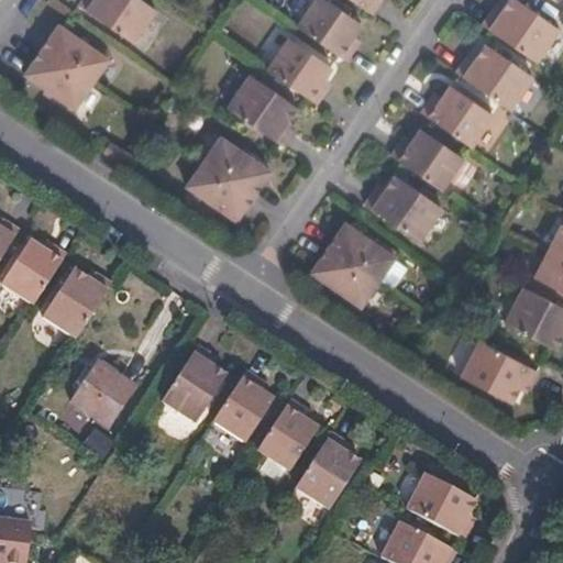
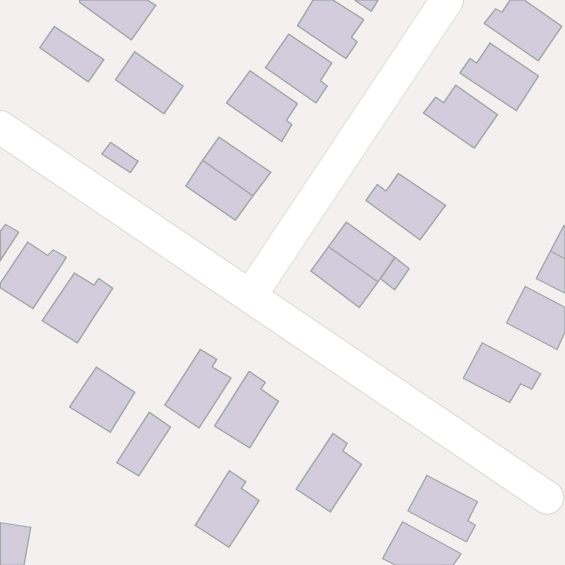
building: [21,47,88,109] -> [116,52,183,114]
building: [390,128,465,190] -> none
building: [256,397,320,473] -> [195,471,259,547]
building: none -> [117,412,170,476]

